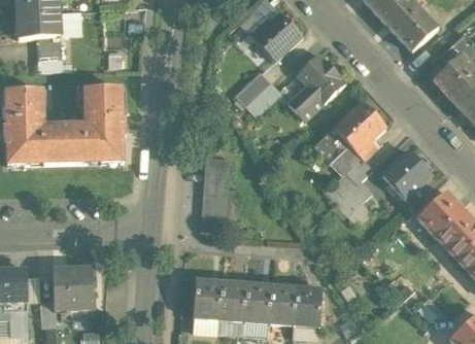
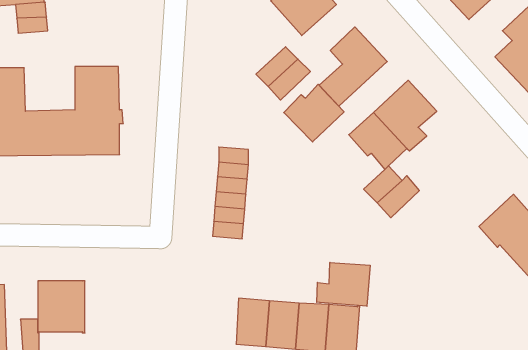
building: none -> [284,84,344,142]
building: [382,149,431,198] -> none
building: none -> [317,262,370,306]
building: [193,277,220,318] -> none

